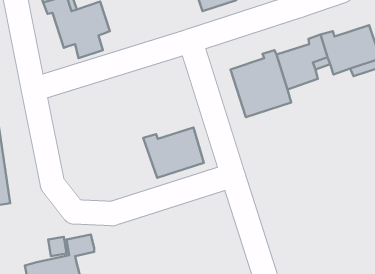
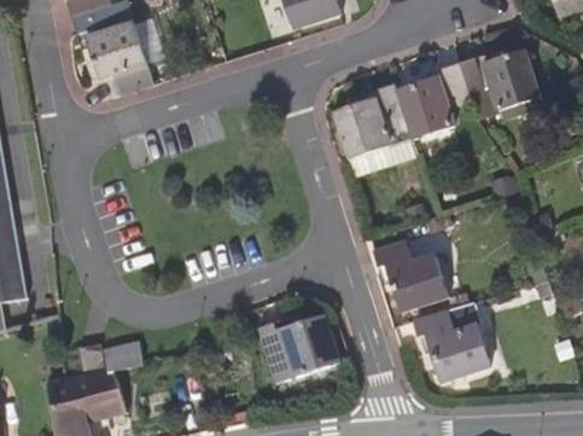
building: [143,127,204,178] -> [256,312,340,382]
building: none -> [372,237,449,313]
building: none -> [414,302,490,382]

